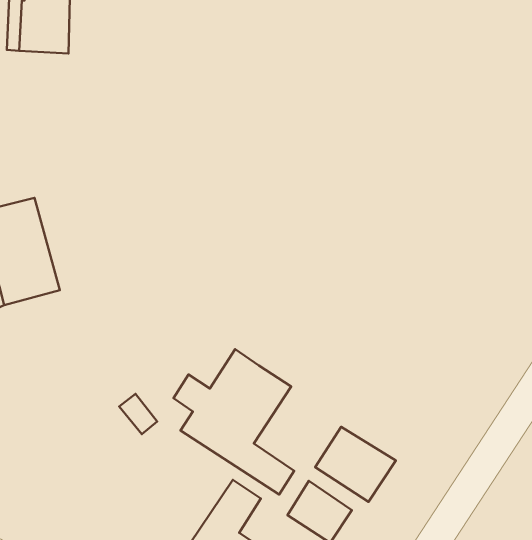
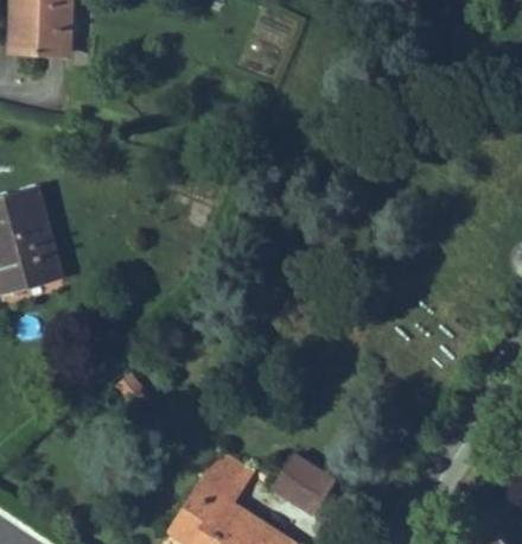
building: [174,349,294,494] -> none
building: [315,427,396,502] -> none

